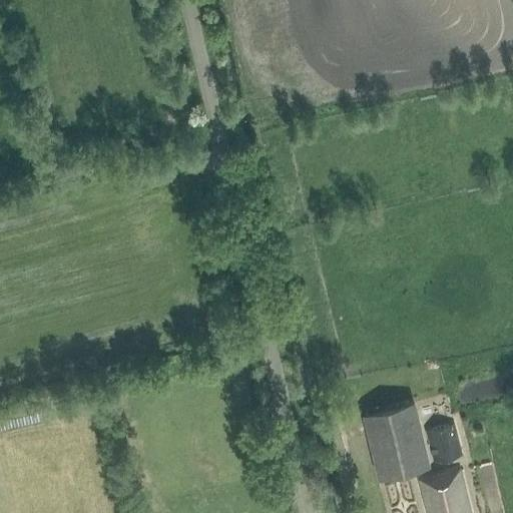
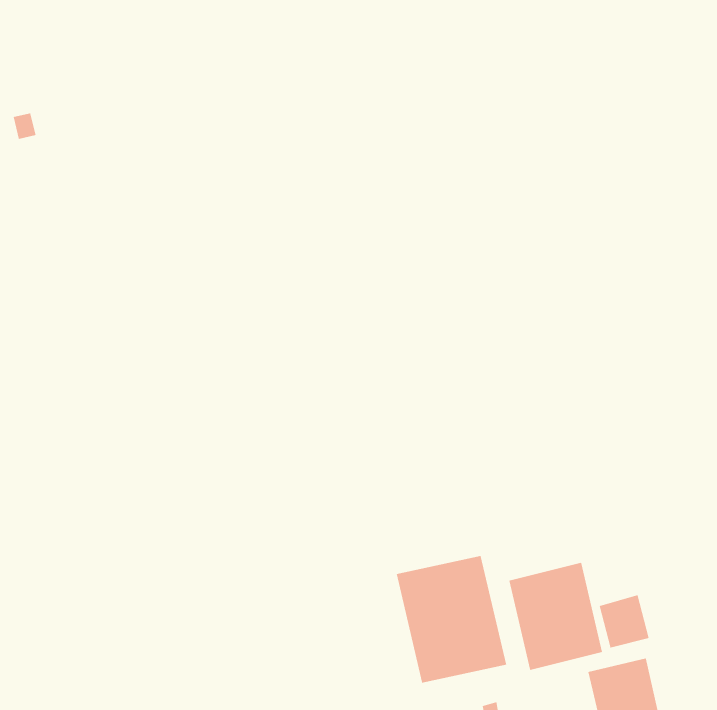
building: none -> [396,555,507,683]

